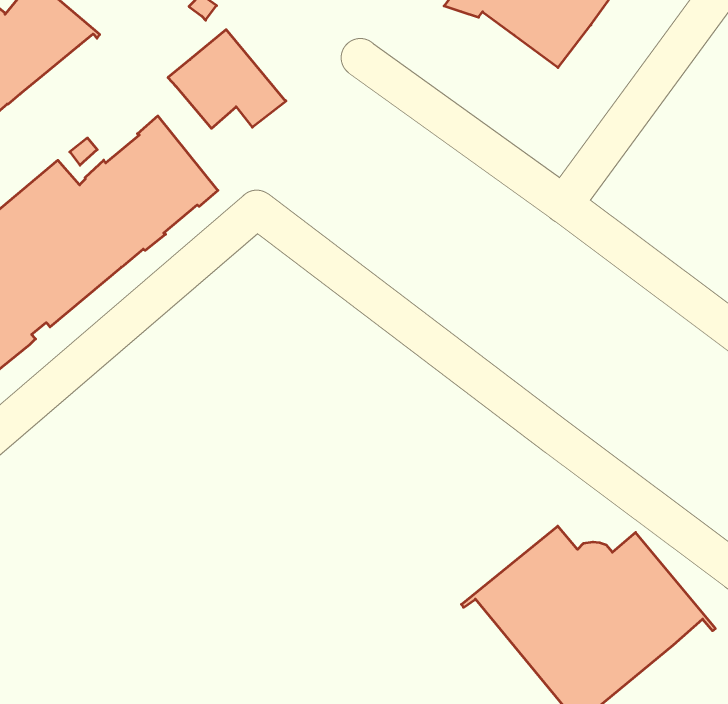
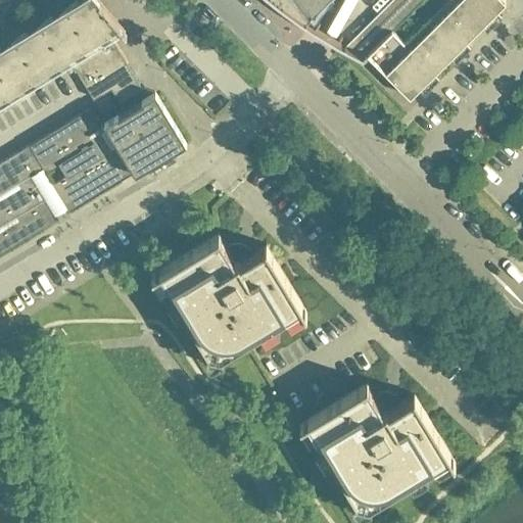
building: [168,30,286,128] -> [69,44,141,107]
building: none -> [149,239,305,360]

